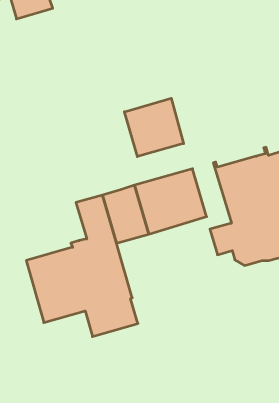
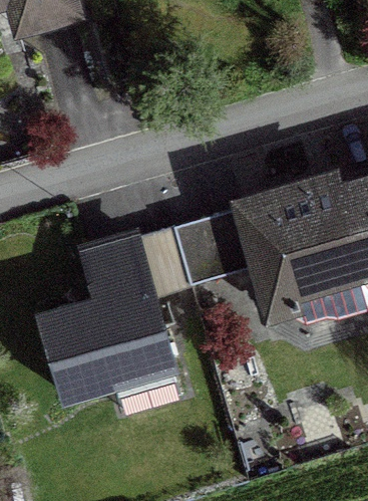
building: [124,98,184,157] -> none

